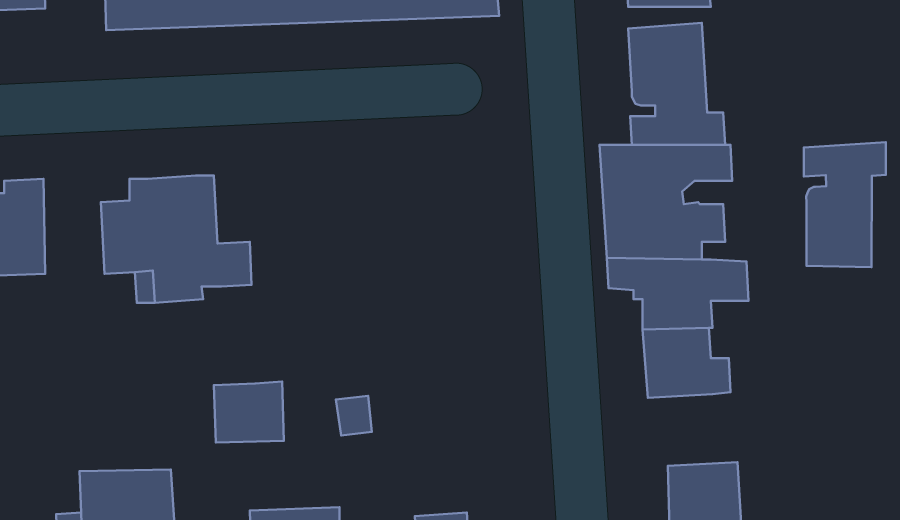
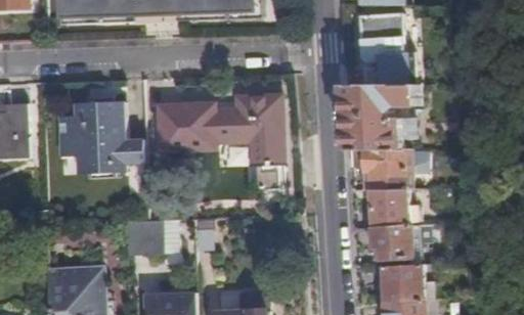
building: [804,142,886,267] -> none
building: none -> [156,95,280,188]
building: none -> [370,225,420,259]

